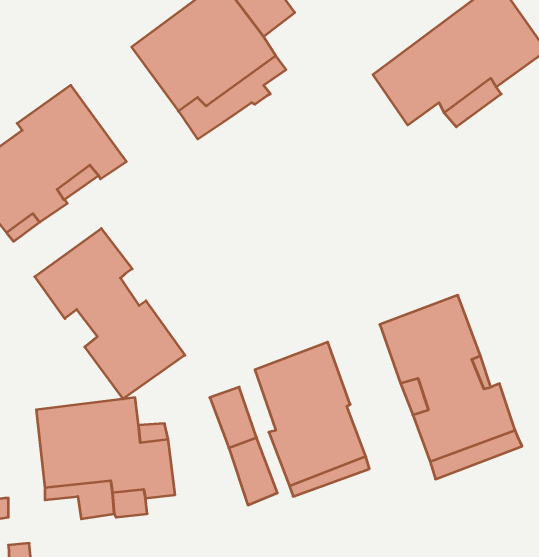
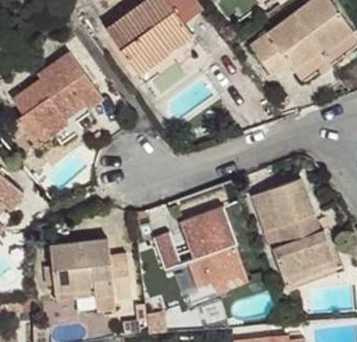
building: [35,228,185,399] -> none

